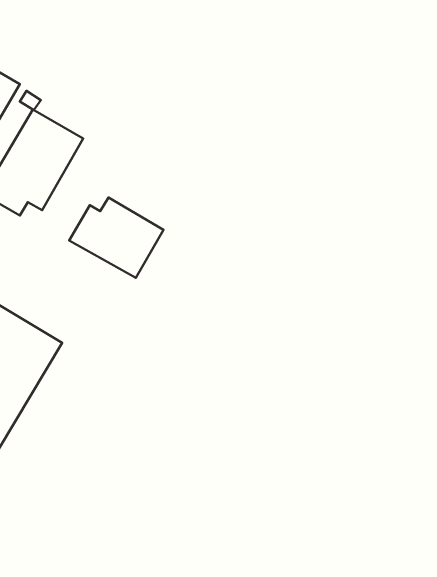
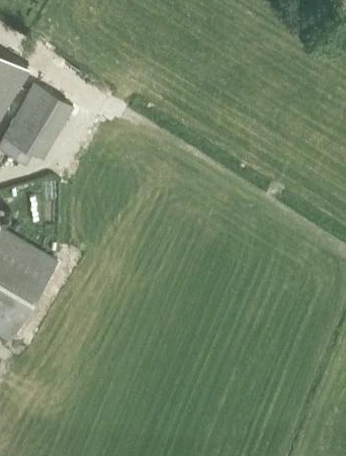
building: [69,198,164,278] -> none

